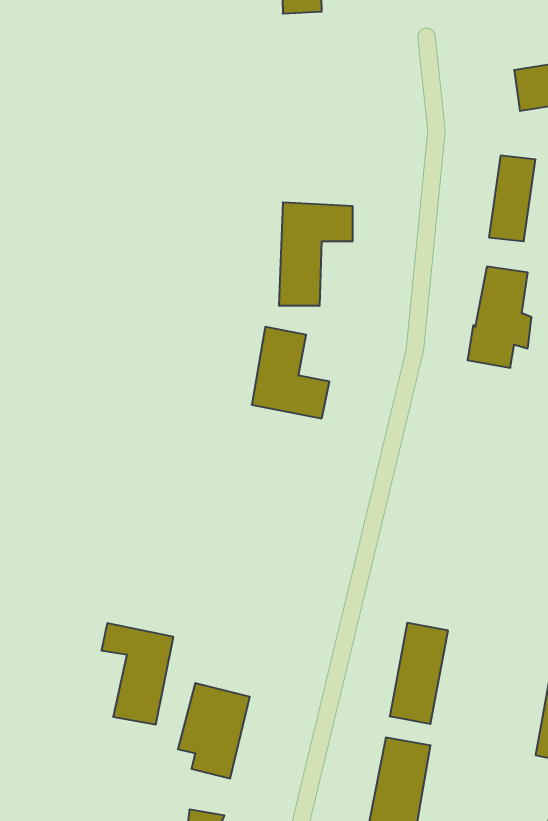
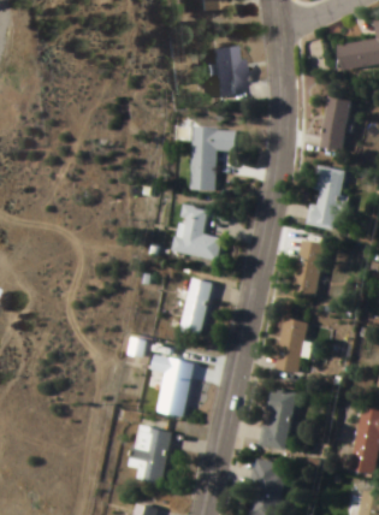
building: none -> [211,47,238,96]
building: none -> [294,241,327,300]
building: none -> [170,278,215,337]
building: none -> [277,319,309,374]
building: [101,623,173,724] -> [152,355,196,418]

